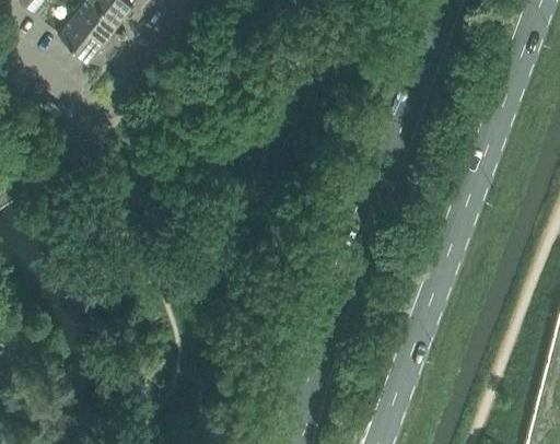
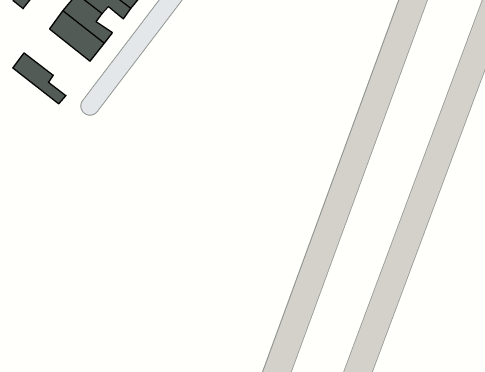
building: none -> [13,53,66,104]

